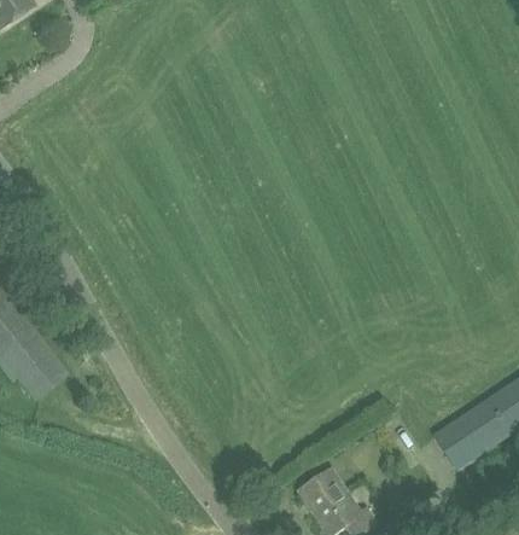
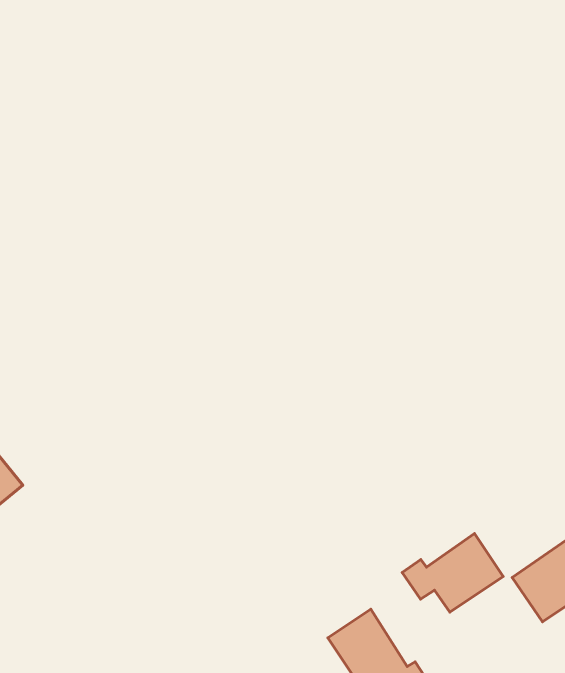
building: none -> [402,534,503,612]

